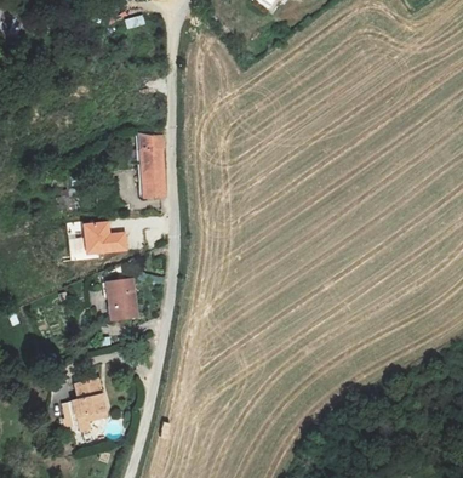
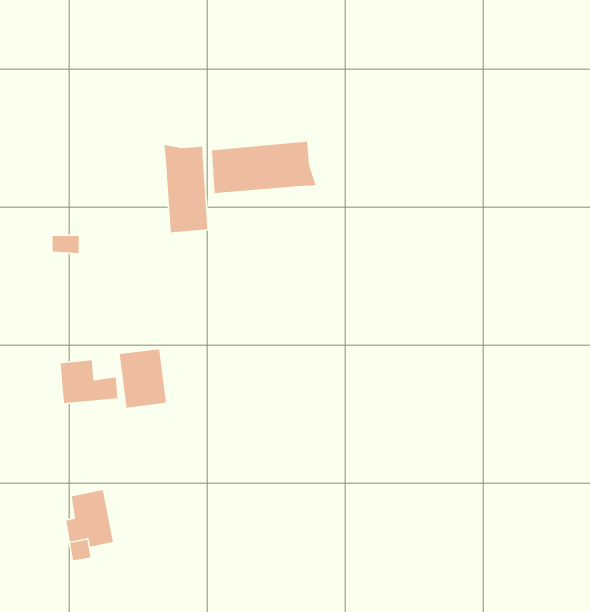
building: none -> [211,141,317,194]
building: [84,222,125,254] -> [60,359,118,404]

